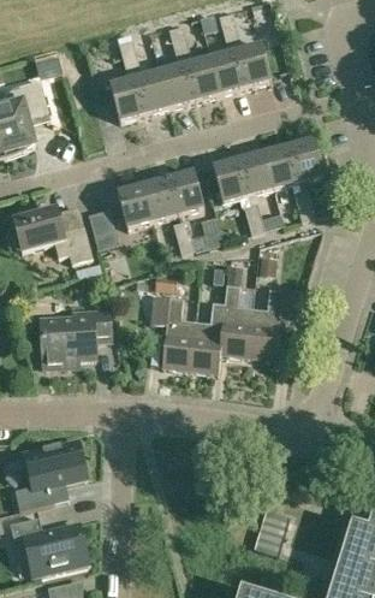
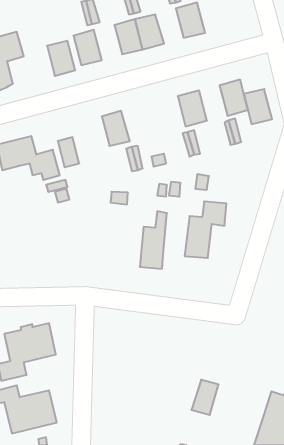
building: [209,51,244,94] -> none
building: [133,71,168,114] -> [47,41,75,76]
building: [263,146,298,189] -> [244,89,272,124]
building: [212,159,246,203] -> none
building: [167,170,203,214] -> none
building: [117,184,153,227] -> none
building: [219,284,251,356] -> none
building: [150,295,195,369] -> none
building: [41,310,111,367] -> none

